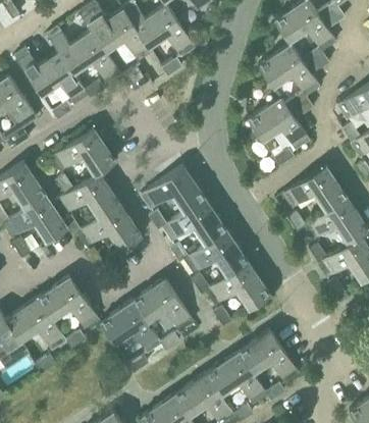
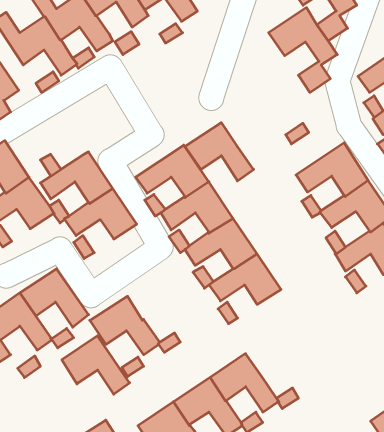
building: [248,98,309,150] -> [185,123,254,181]
building: [50,128,115,174] -> none
building: [133,279,193,331] -> [62,336,130,394]
building: [238,330,298,382] -> none

